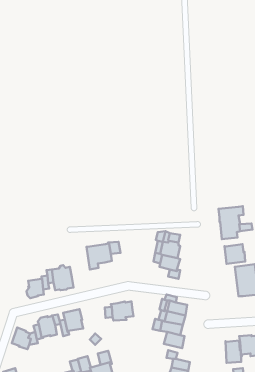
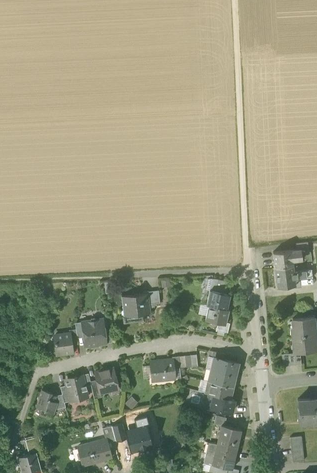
building: [225,244,245,264] -> none
building: [225,341,241,363] -> none

